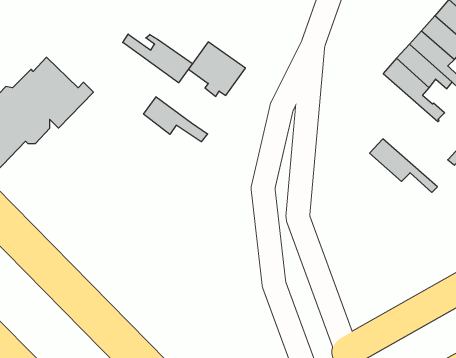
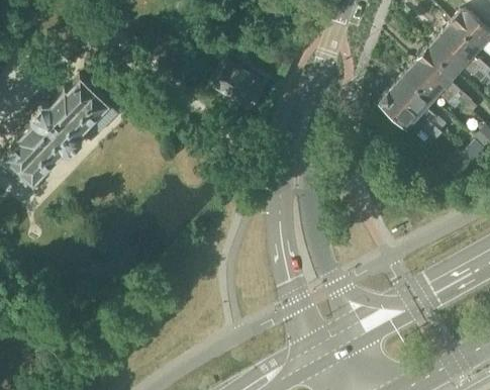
building: [123,34,193,83] -> none
building: [144,97,208,142] -> none
building: [370,139,437,192] -> [379,89,442,138]

